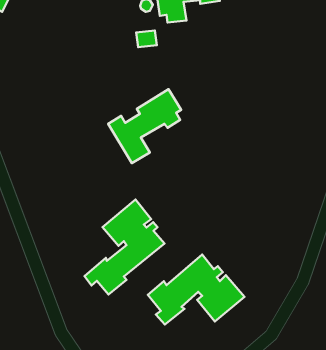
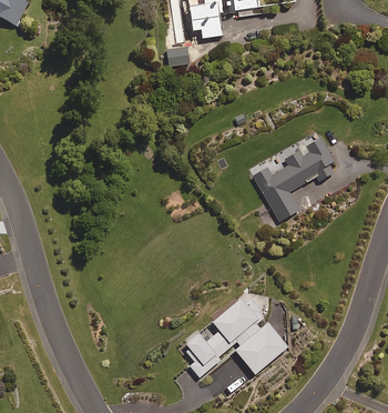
building: [108,89,181,163] -> [253,138,335,221]
building: [84,199,164,294] -> none

